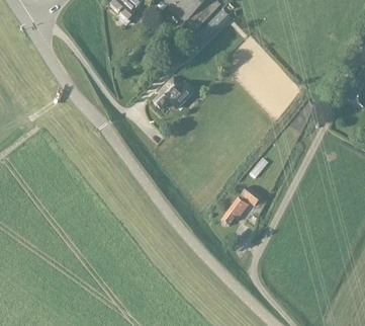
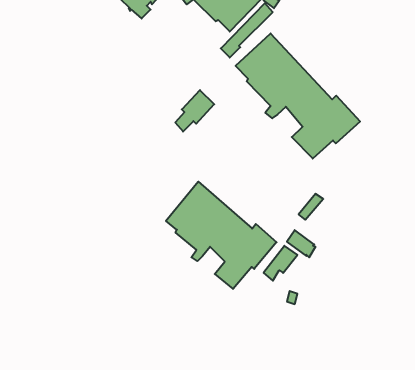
building: none -> [236,33,360,159]
building: none -> [166,182,277,289]

